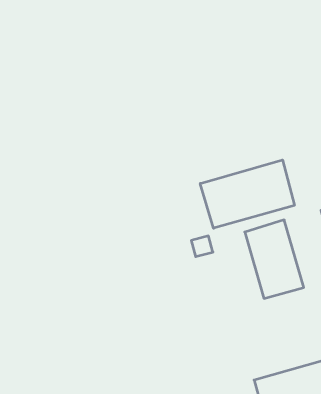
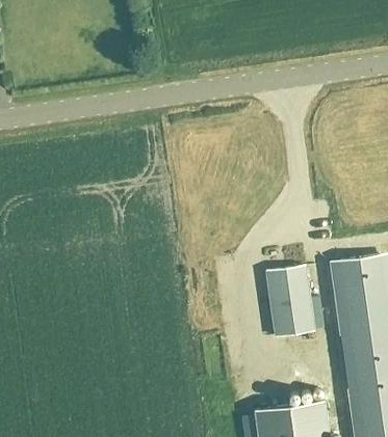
building: [200,160,294,228] -> none

